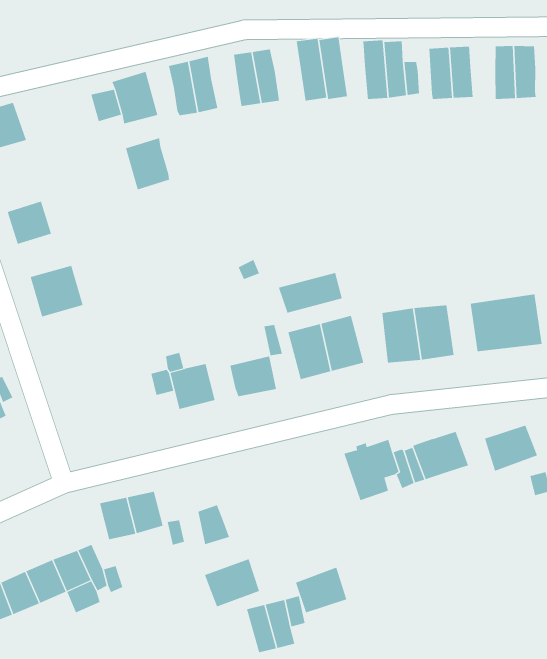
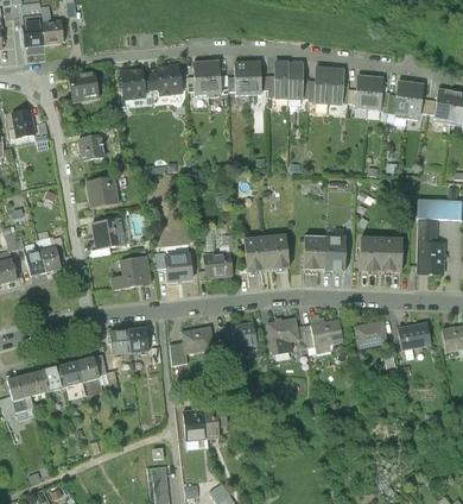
building: [125,137,170,190] -> [119,68,144,99]
building: [278,272,343,313] -> none
building: none -> [91,219,125,248]
building: none -> [112,256,150,289]
building: [204,558,260,607] -> [180,325,214,352]
building: [295,567,347,613] -> [223,322,254,348]

